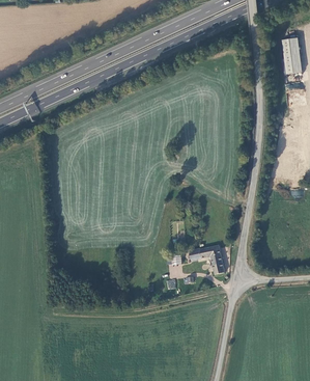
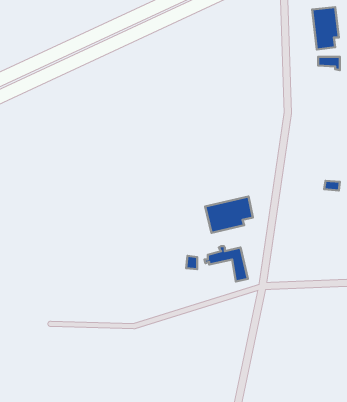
building: none -> [205,197,253,233]

